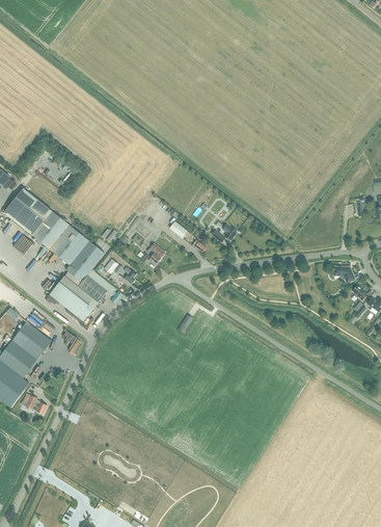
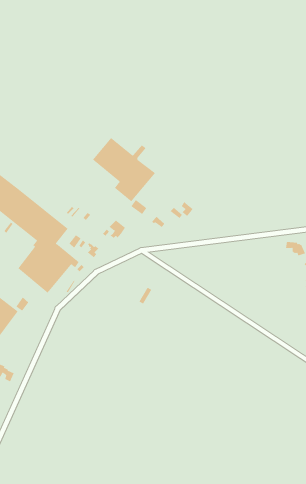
building: none -> [92,137,156,202]

